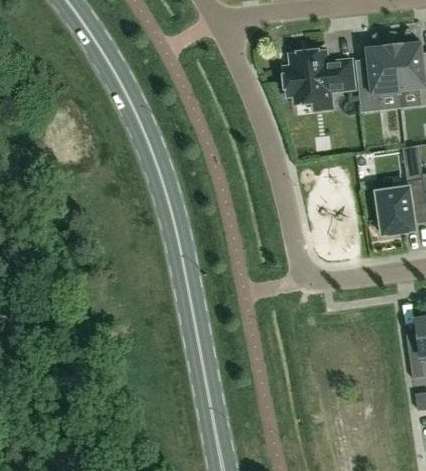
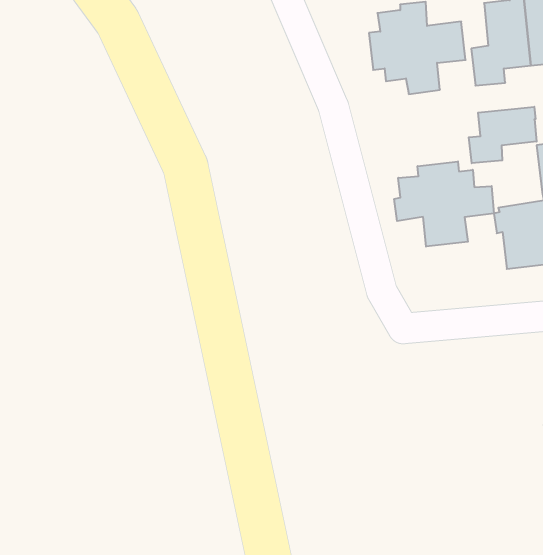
building: none -> [469,107,537,163]
building: none -> [394,161,494,247]

